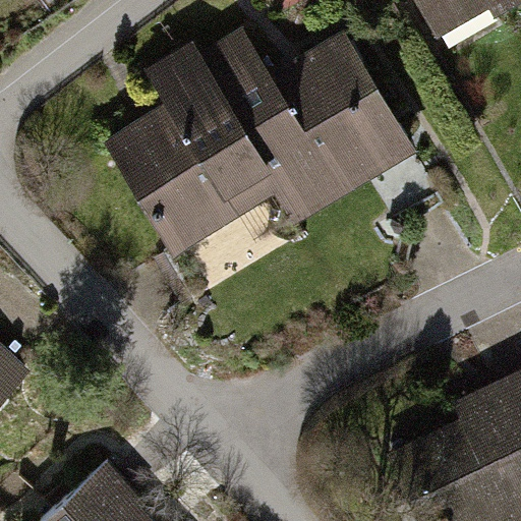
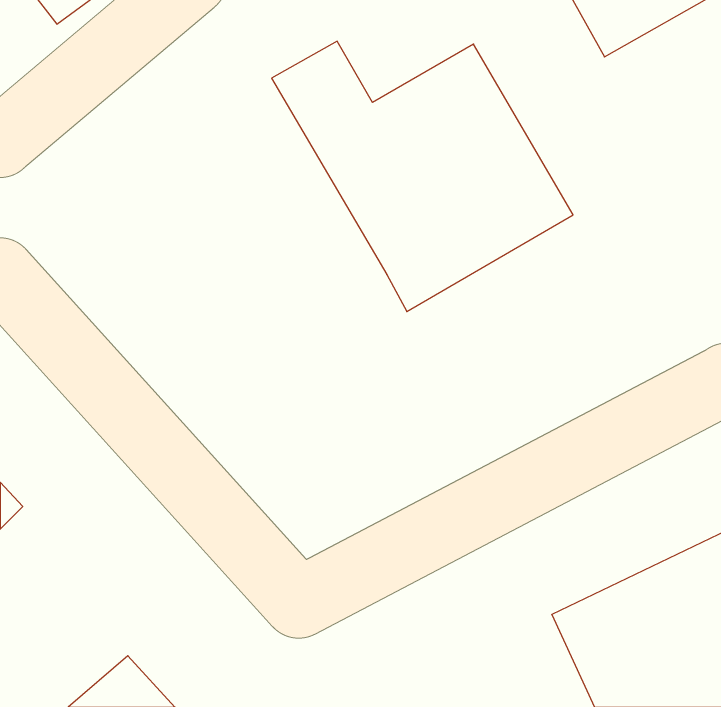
building: [103,43,281,258] -> none

